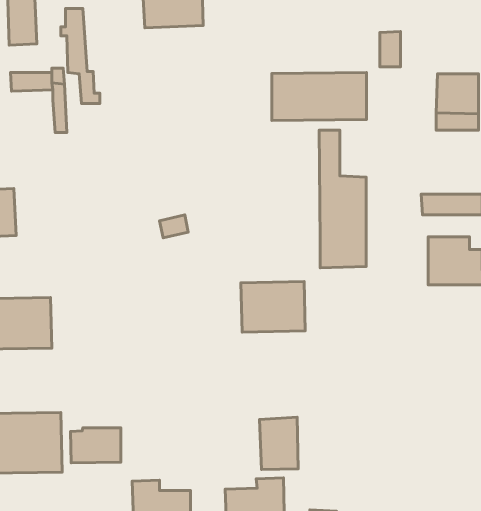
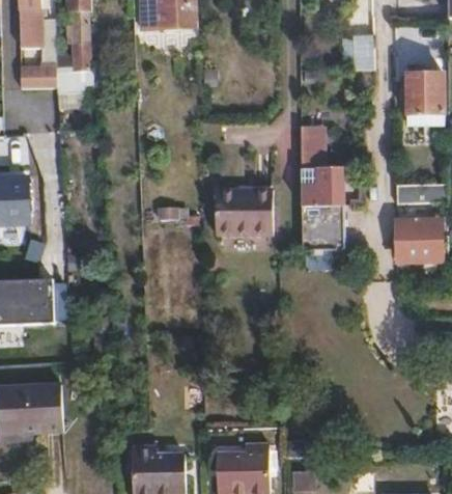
building: [272,73,367,120] -> none
building: [241,282,305,332] -> [216,189,274,235]
building: [260,417,298,470] -> none
building: [70,428,121,463] -> none

